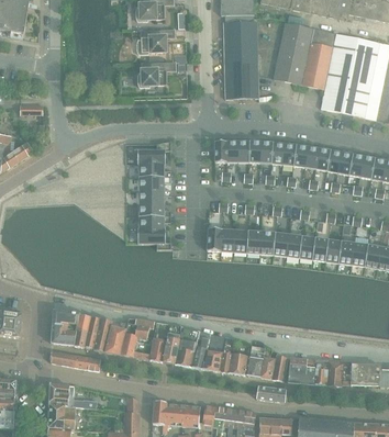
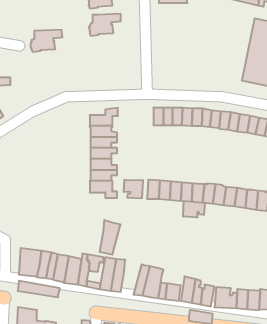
building: [224,18,259,98] -> none
building: [274,22,335,89] -> none
building: [137,60,176,87] -> [31,30,62,52]
building: none -> [124,180,143,198]
building: none -> [183,201,205,218]
building: [175,324,200,366] -> [100,220,121,255]

